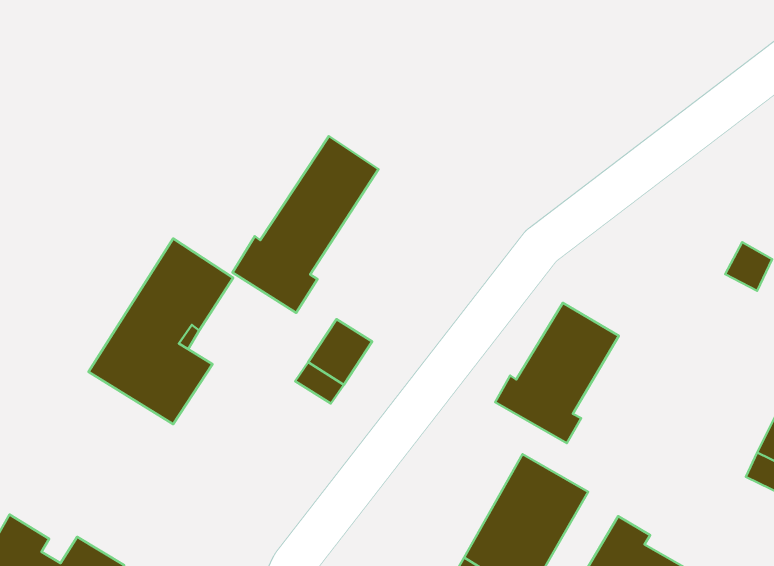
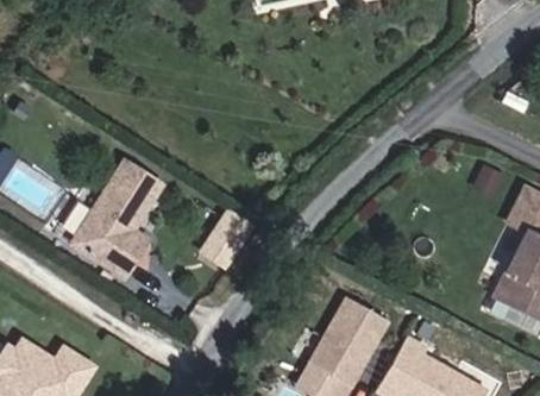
building: [232,136,378,313] -> none
building: [495,303,619,443] -> none

